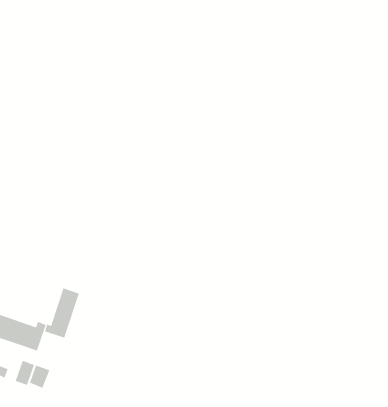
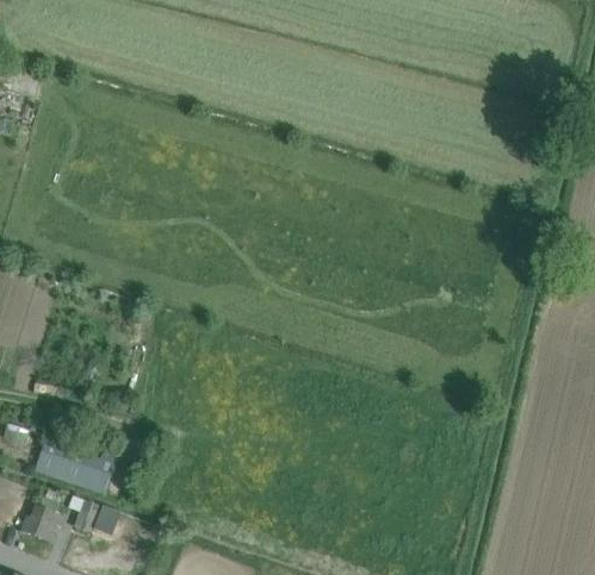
building: [45,288,80,338] -> none

